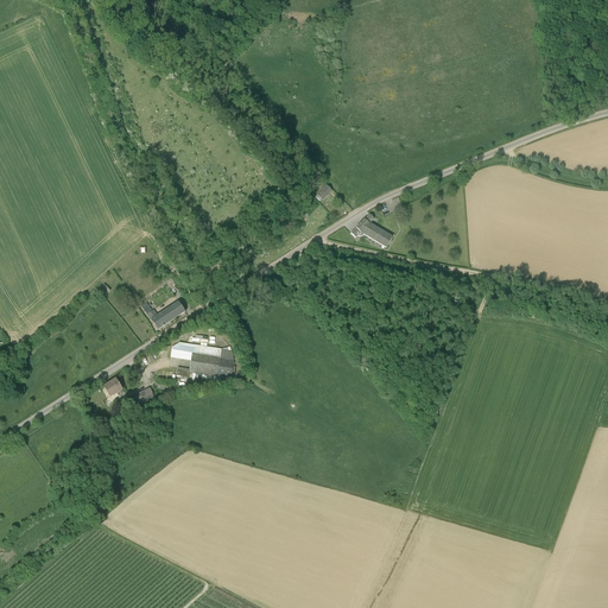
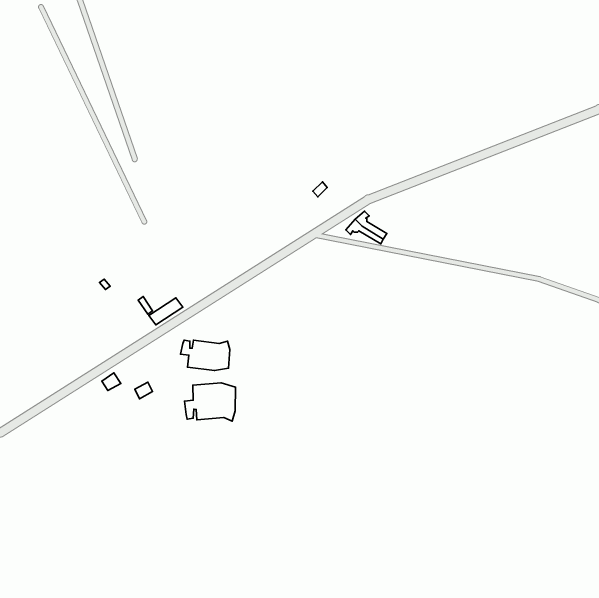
building: none -> [185,383,235,421]

